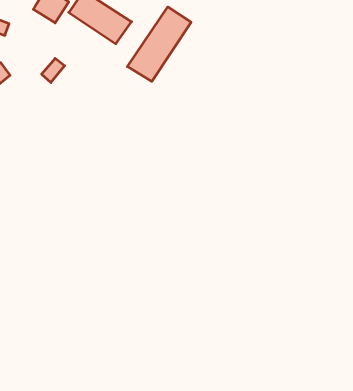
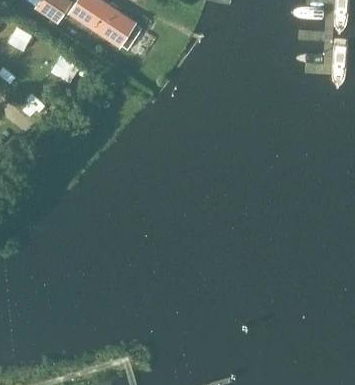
building: [127,7,191,81] -> none

